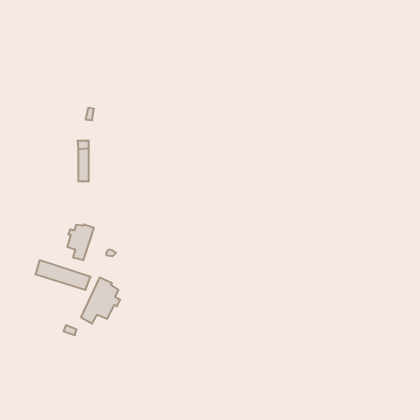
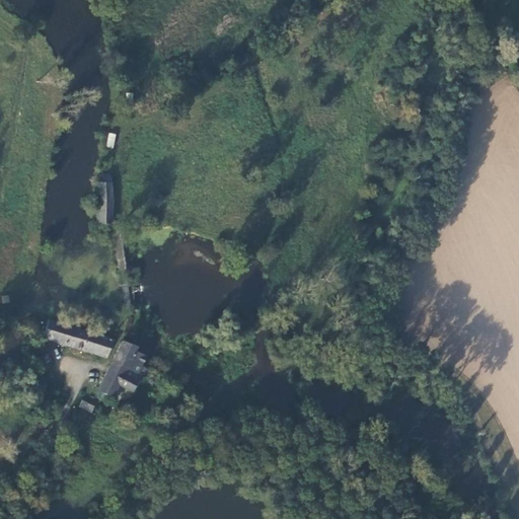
building: [68,224,94,260] -> none

